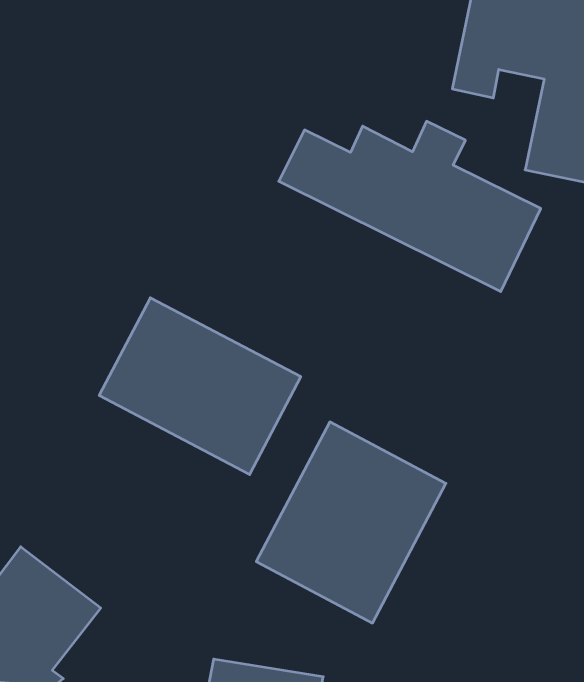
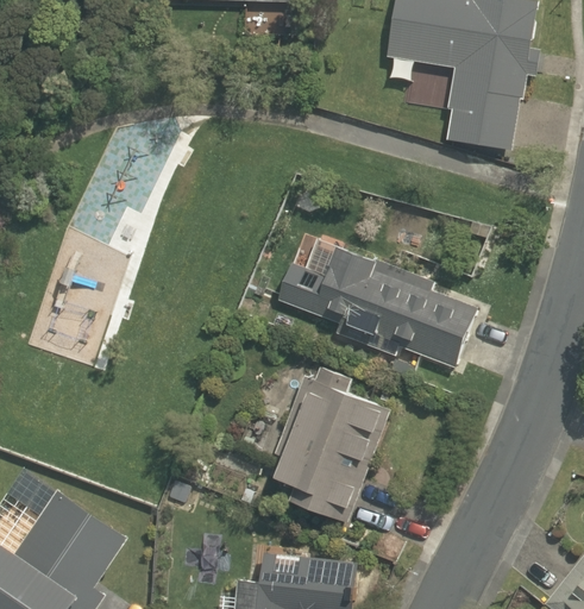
building: [279,121,541,292] -> [272,240,490,376]
building: [99,298,301,475] -> none

